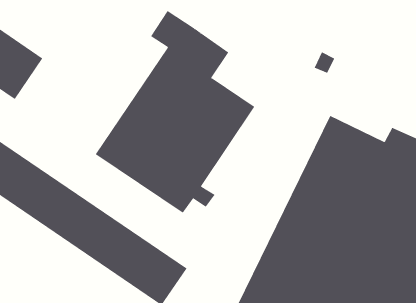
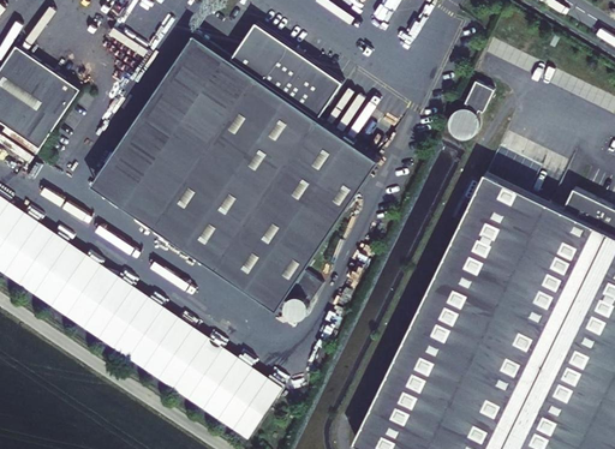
building: none -> [92,35,255,227]

